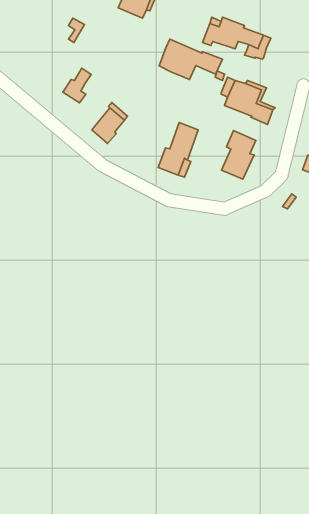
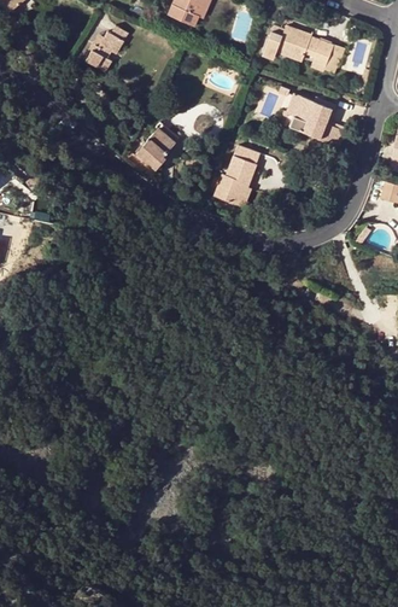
building: [159,39,223,80] -> none
building: [63,68,91,103] -> [83,33,116,72]
building: [221,131,256,179] -> none

